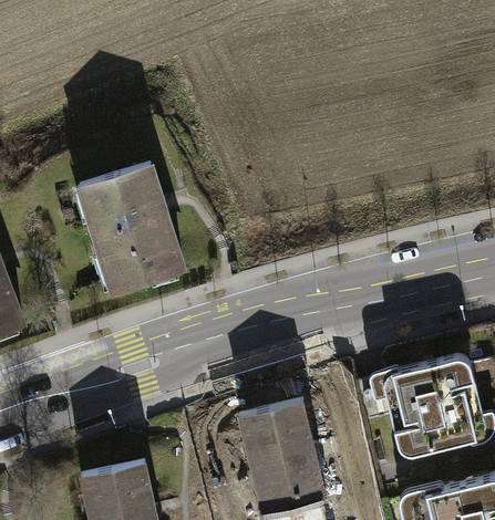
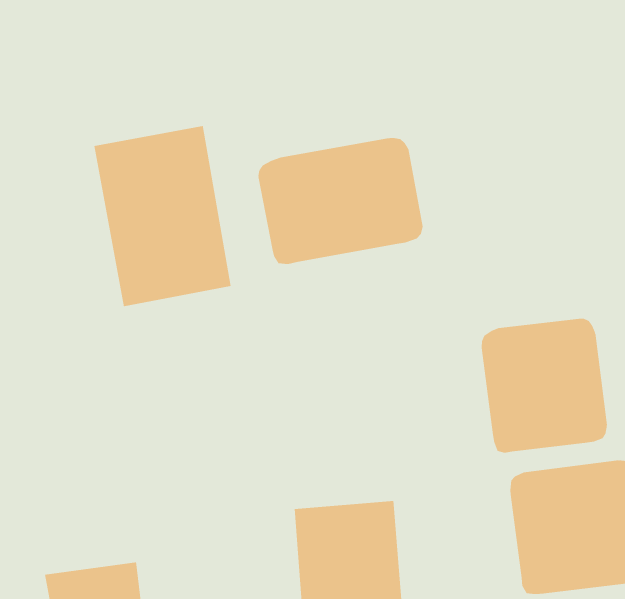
building: none -> [258,137,423,265]
building: none -> [481,318,607,454]

